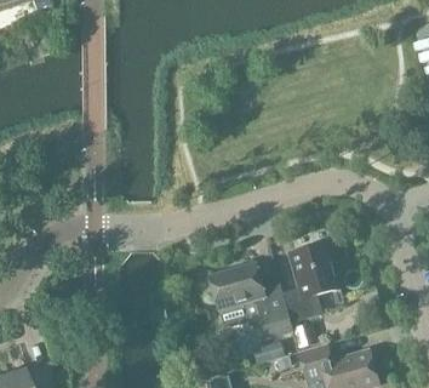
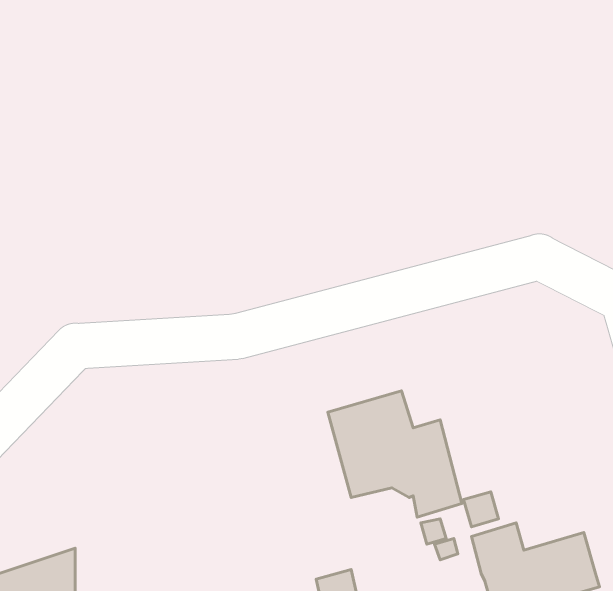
building: [285,241,341,320] -> none

